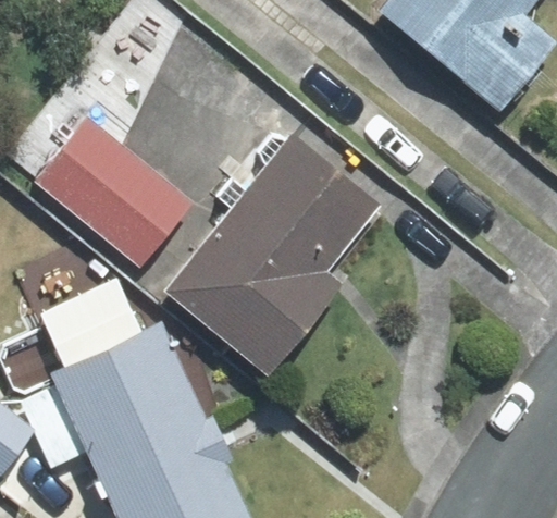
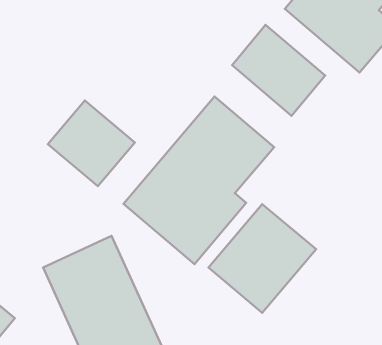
building: none -> [232,25,325,116]
building: none -> [208,204,316,313]

